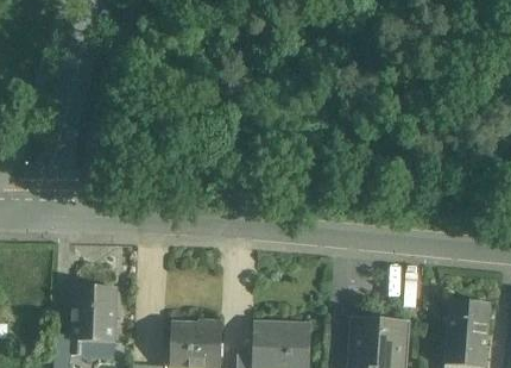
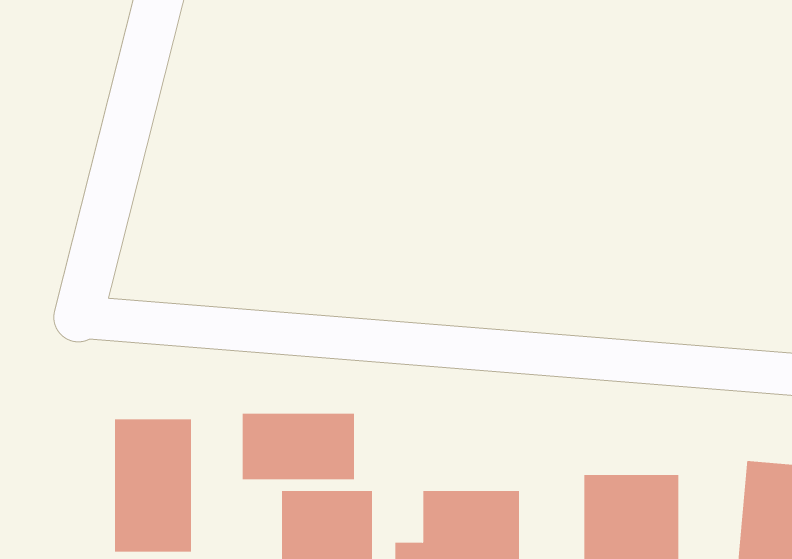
building: none -> [242,413,355,480]

